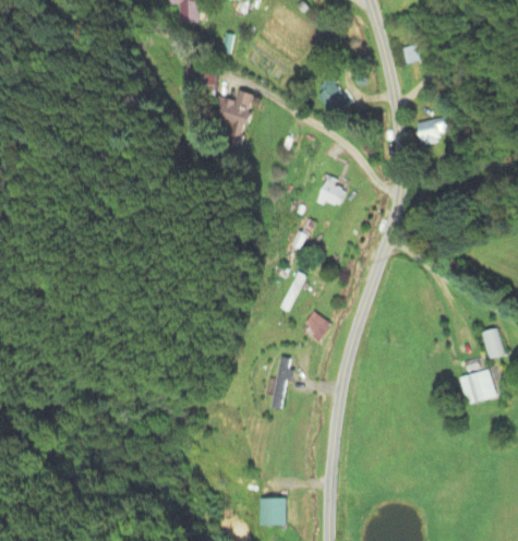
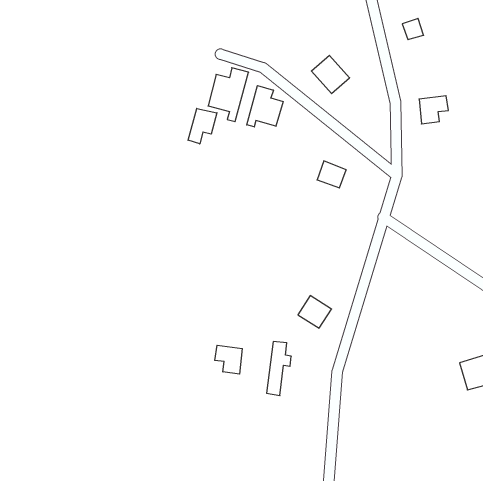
building: none -> [247,86,283,127]
building: none -> [188,108,217,144]
building: none -> [215,345,242,374]

